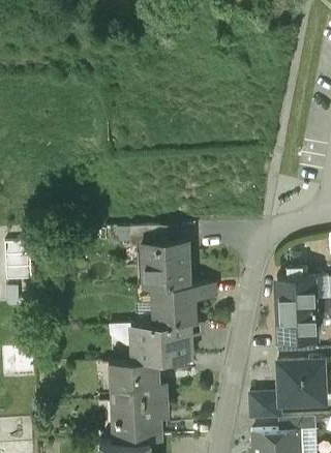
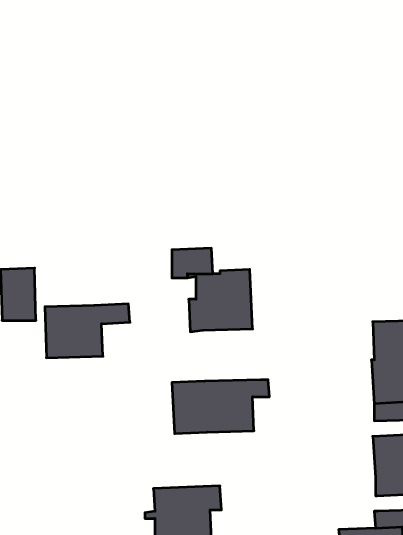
building: [152,286,214,326] -> [45,304,130,358]
building: [114,363,164,404] -> none
building: [249,396,279,422] -> none

